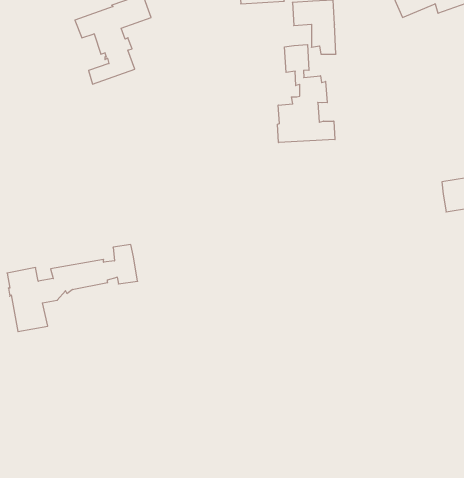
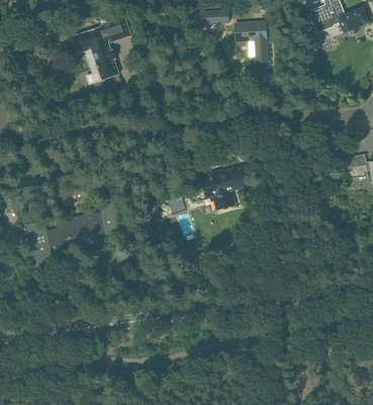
building: [277,45,335,143] -> none
building: none -> [200,166,248,208]

